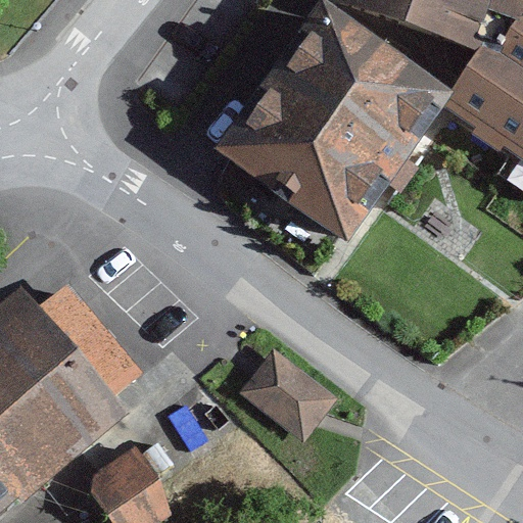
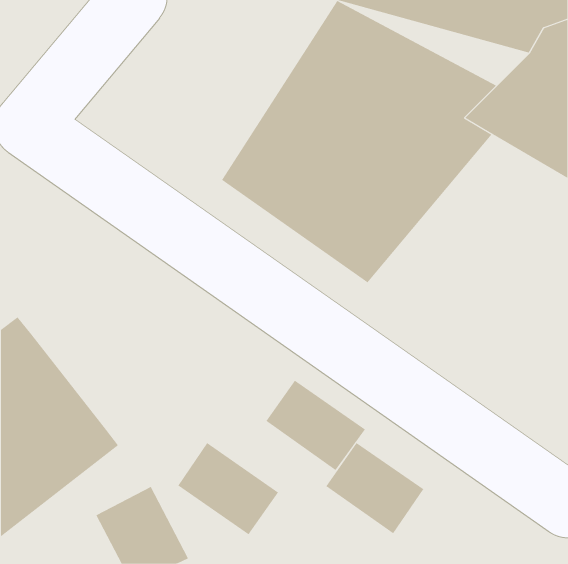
building: [30,280,135,395] -> none
building: none -> [177,442,279,535]
building: none -> [325,442,424,534]

